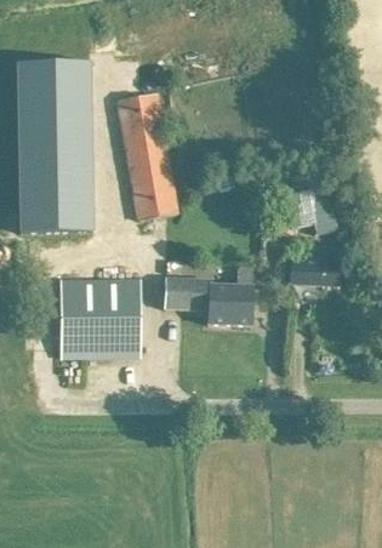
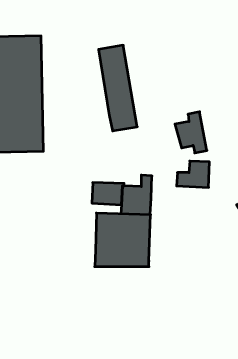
building: [118,92,175,218] -> [99,45,137,131]
building: [59,278,142,356] -> [95,213,151,267]

